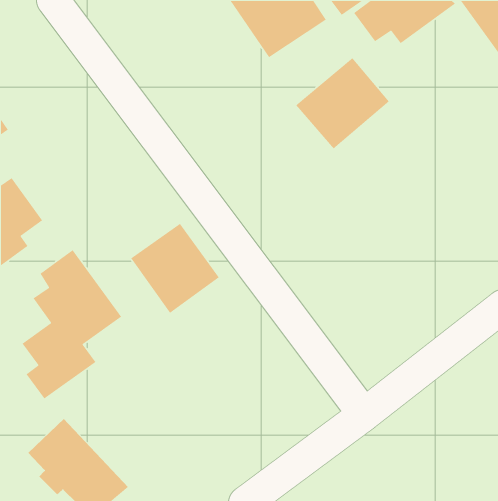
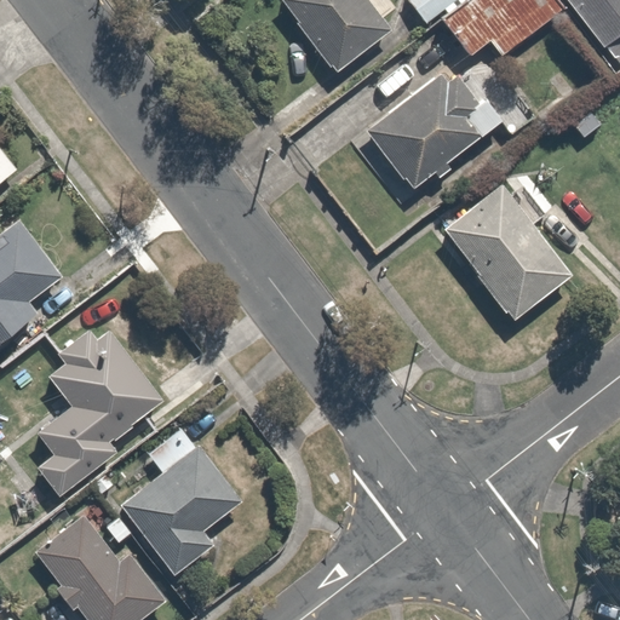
building: none -> [437,176,574,318]
building: [130,223,220,314] -> none
building: none -> [105,420,243,574]

